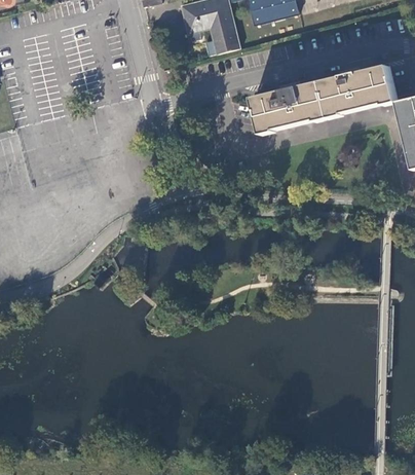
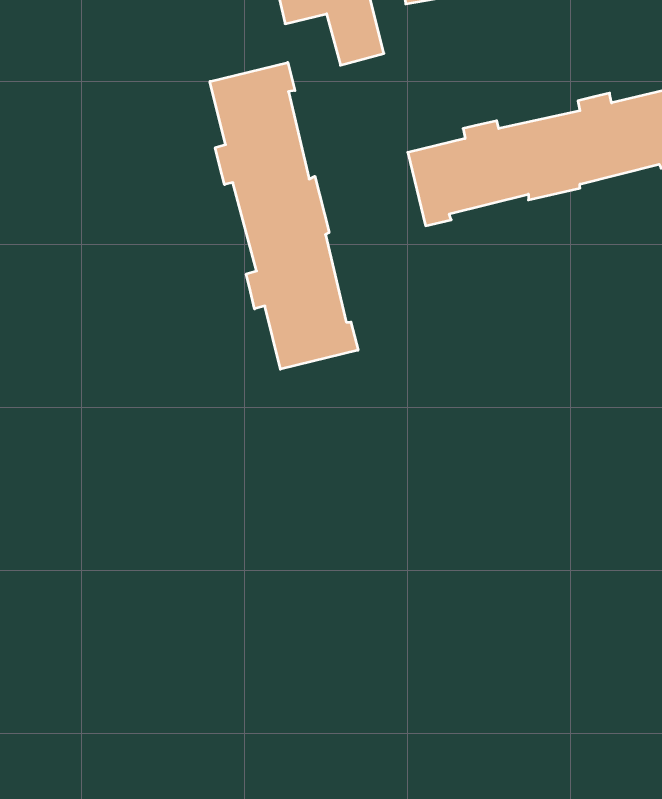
building: none -> [210,62,358,369]

